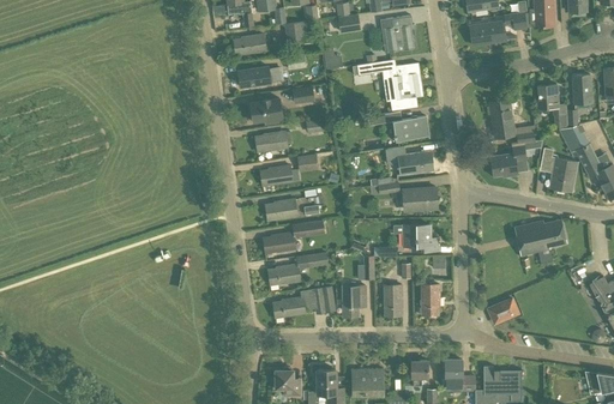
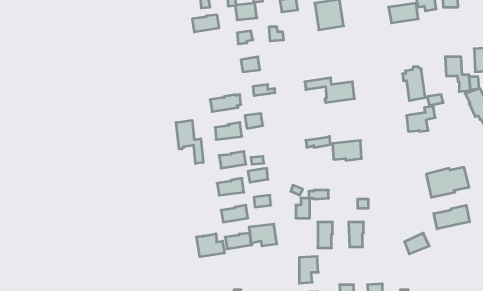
building: [356,59,422,109] -> none
building: [237,66,283,88] -> none
building: [249,98,283,123] -> none
building: [385,146,433,174] -> none
building: [541,147,577,192] -> none
building: none -> [176,120,203,164]
building: [402,224,438,251] -> none
building: none -> [434,205,470,229]
building: [343,284,366,316] -> [299,256,318,283]
building: none -> [196,234,224,257]

